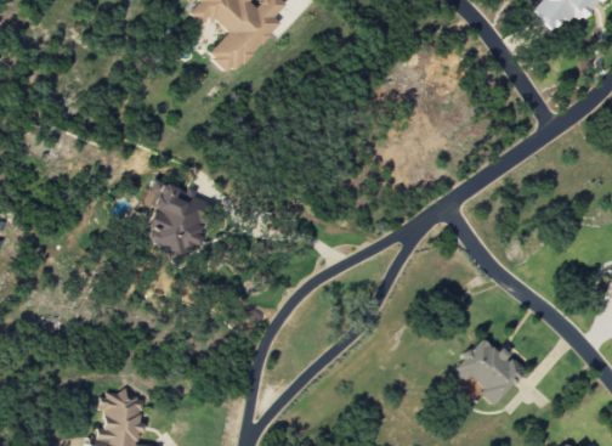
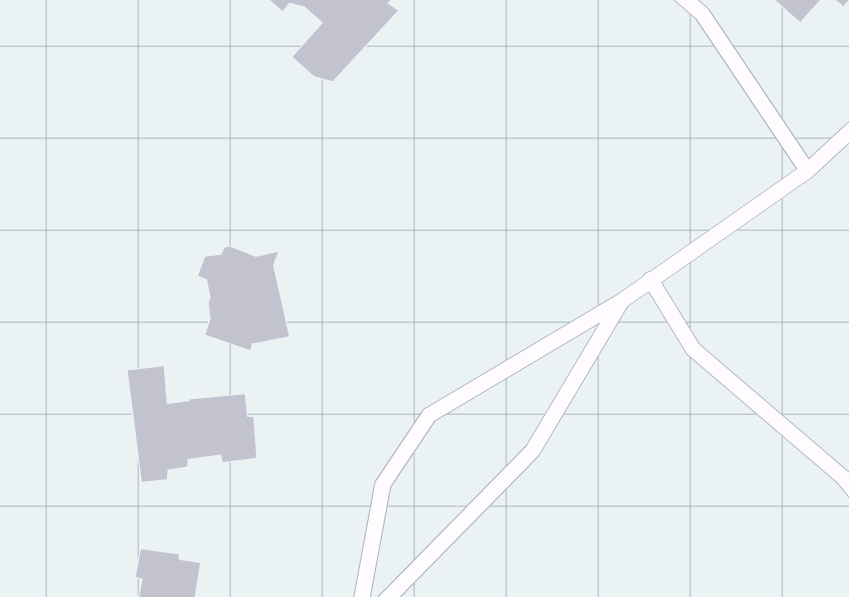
building: none -> [127,365,257,483]
building: [454,334,525,403] -> none

